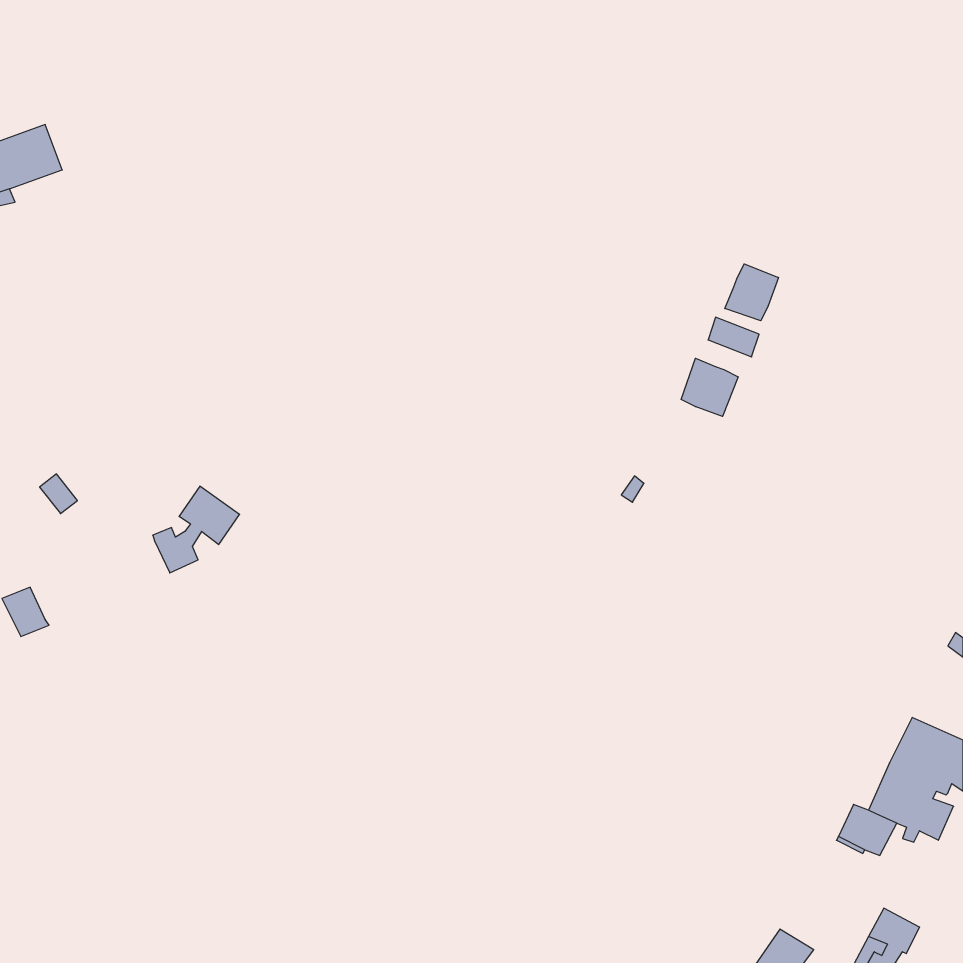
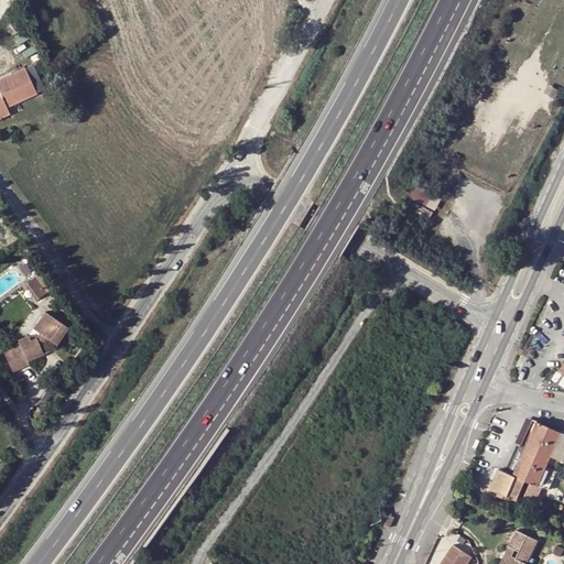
building: [725,264,778,321] -> none
building: [681,358,738,416] -> none
building: [153,486,240,573] -> [17,312,67,362]

